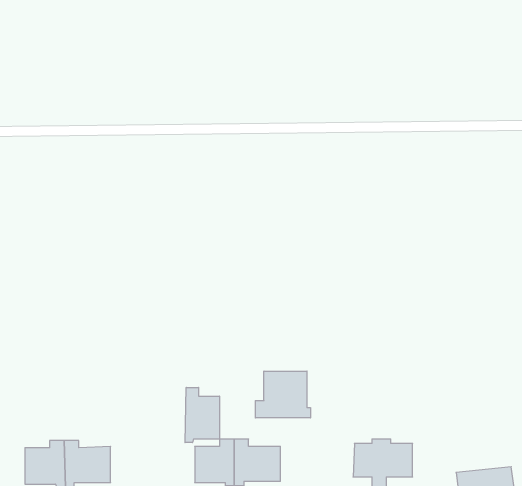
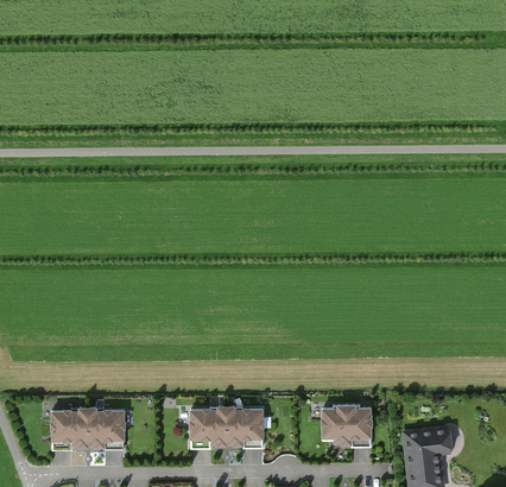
building: [255,371,310,418] -> none
building: [185,387,219,443] -> none

